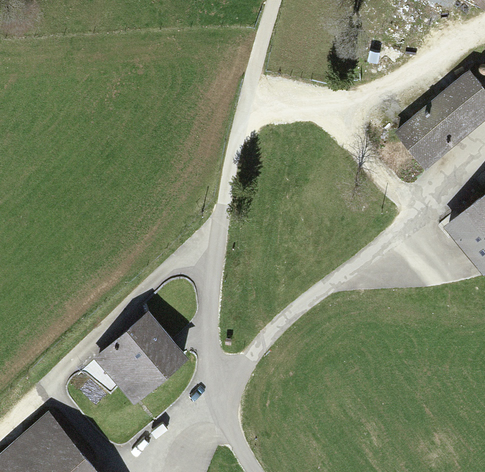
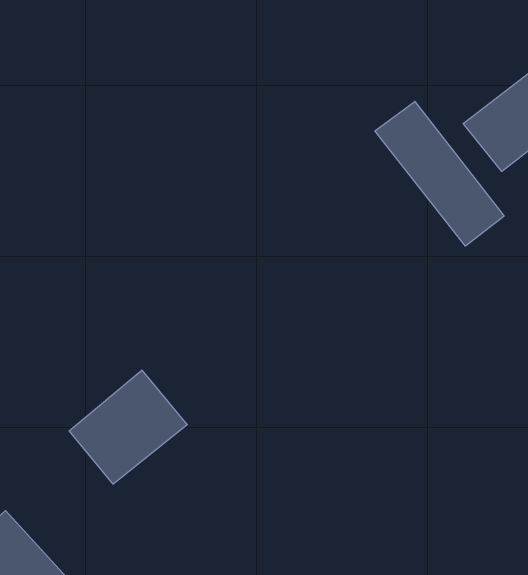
building: none -> [375,101,504,246]

